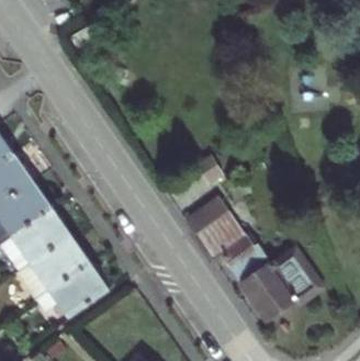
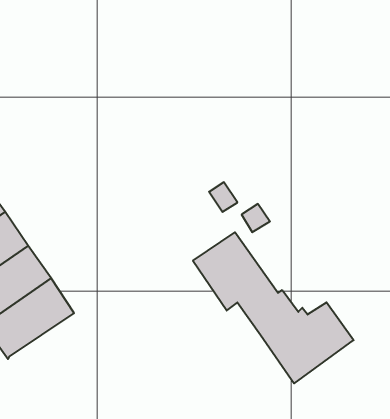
building: [35,263,108,317] -> none

